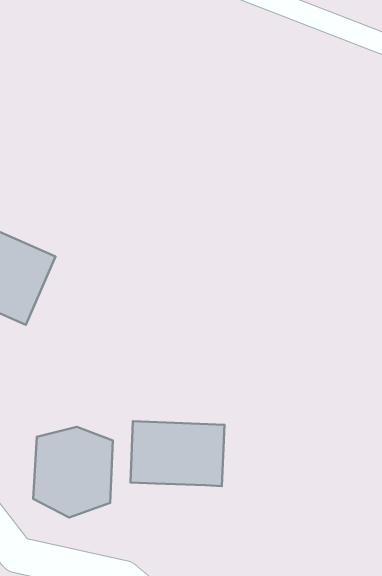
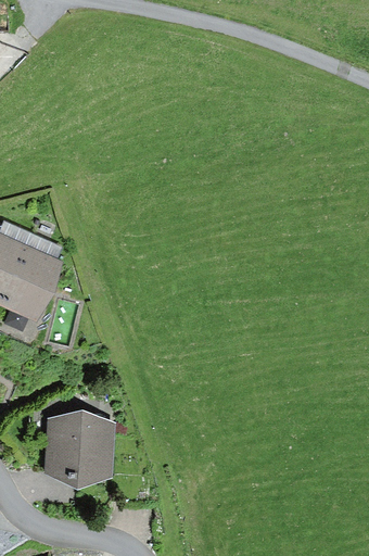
building: [130,421,224,486] -> none

